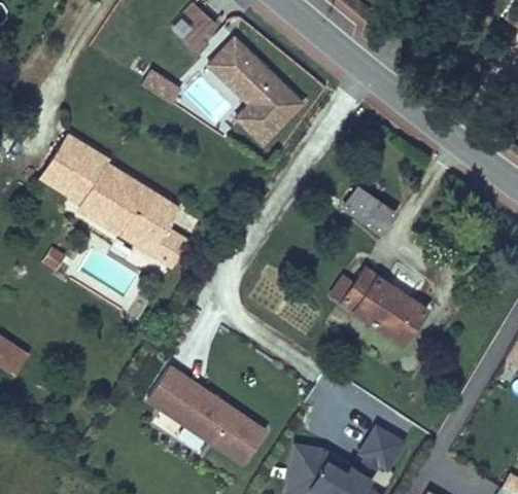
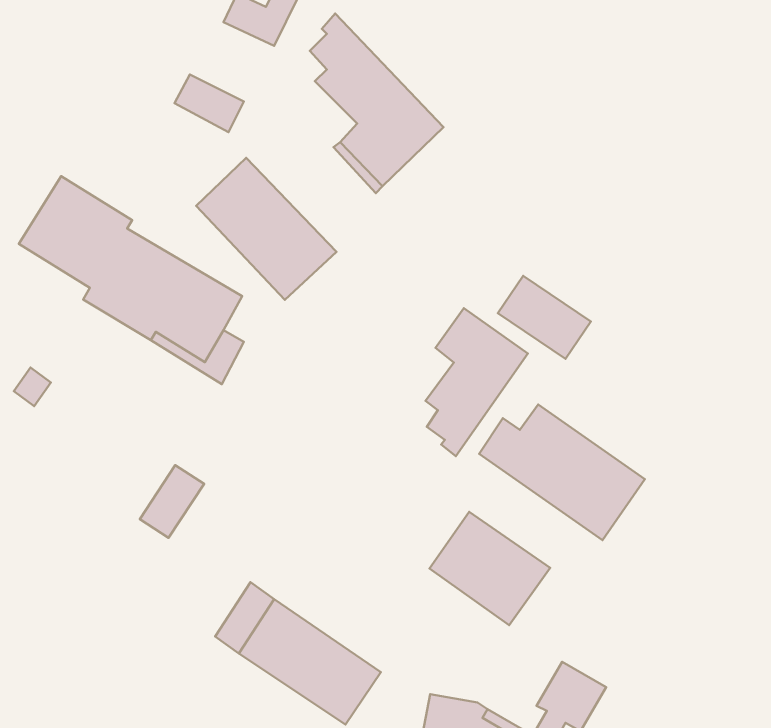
building: none -> [196,158,337,300]
building: none -> [425,308,528,456]
building: none -> [430,512,550,625]
building: [146,366,185,411] -> [140,465,204,538]

